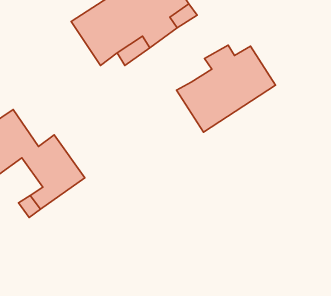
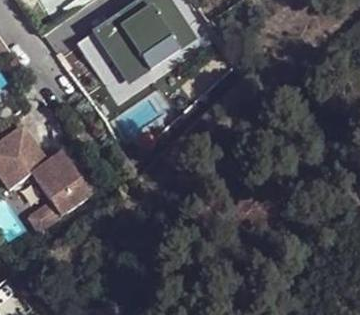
building: [177,45,276,132] -> none

